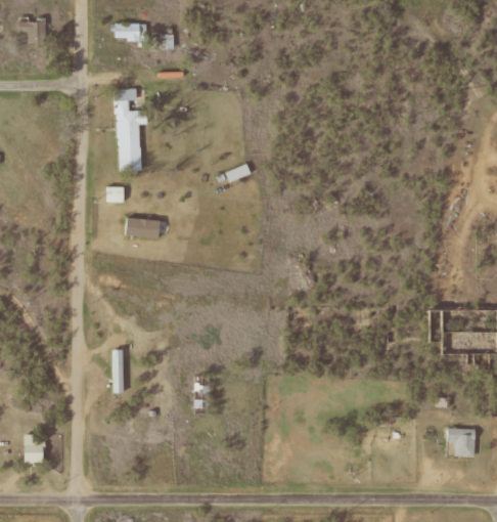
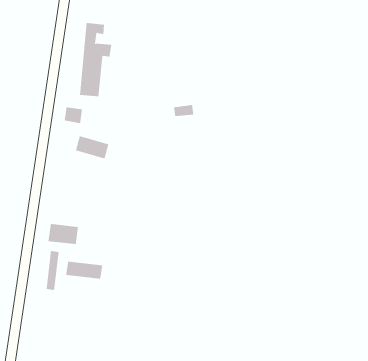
building: none -> [48,223,79,245]
building: none -> [66,261,103,279]

